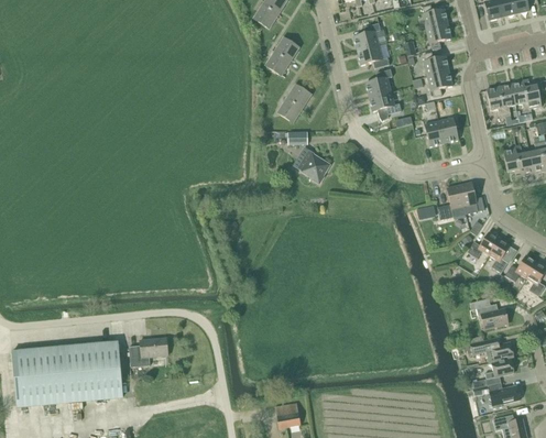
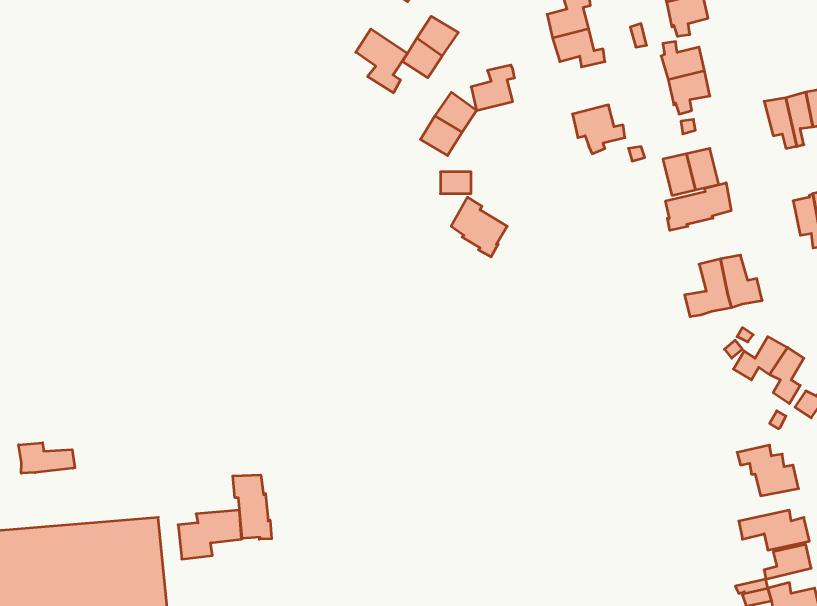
building: none -> [356,29,407,93]
building: [365,68,392,96] -> [471,65,515,110]
building: none -> [666,183,731,230]
building: none -> [19,443,75,473]
building: none -> [233,475,272,539]

